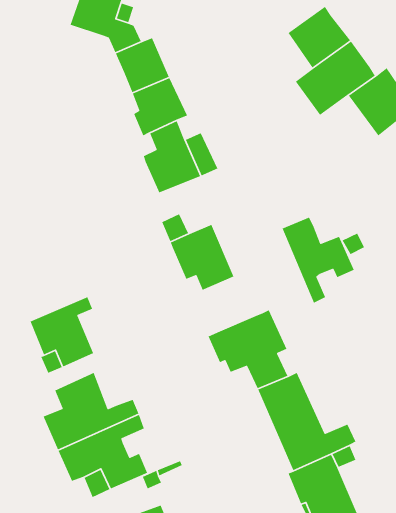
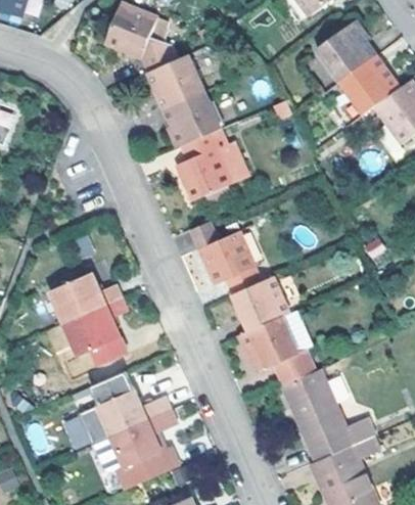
building: [281,216,355,304] -> none
building: none -> [53,272,123,322]
building: none -> [231,275,288,331]

